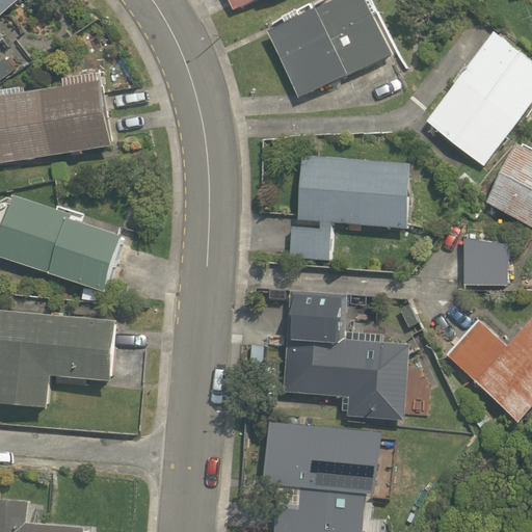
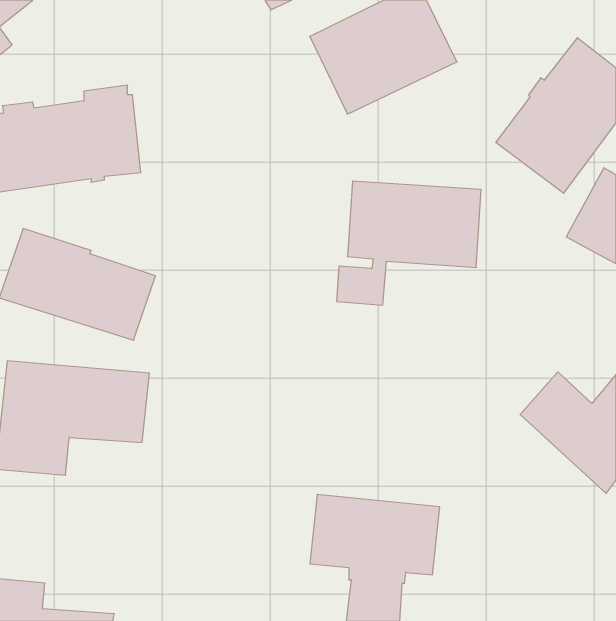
building: [462,242,508,286] -> none
building: [280,291,407,420] -> none

